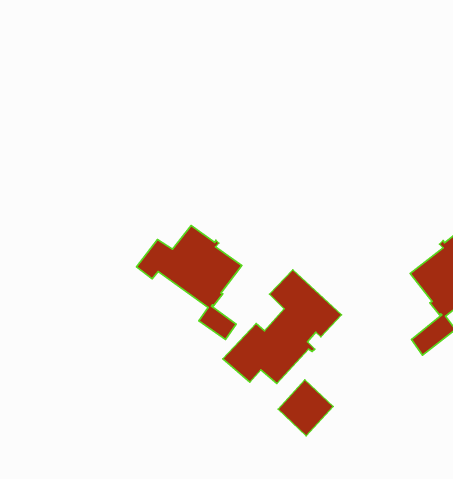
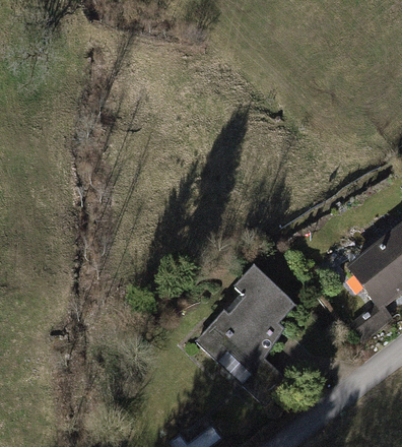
building: [137,225,242,340] -> none

